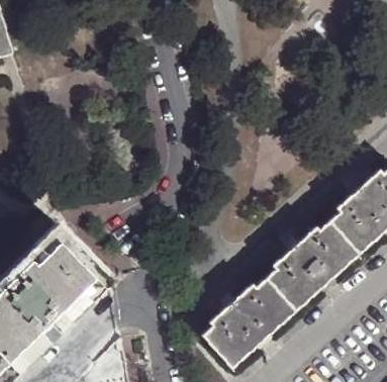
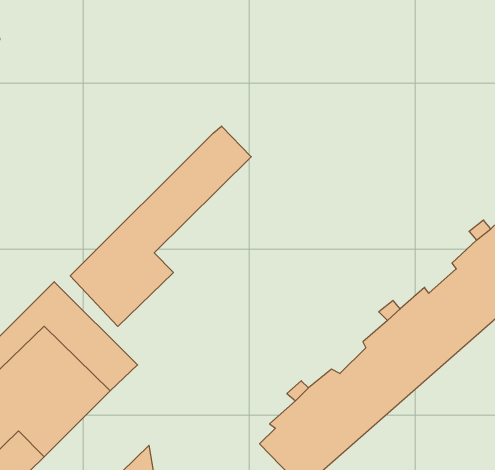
building: none -> [70,126,251,326]

